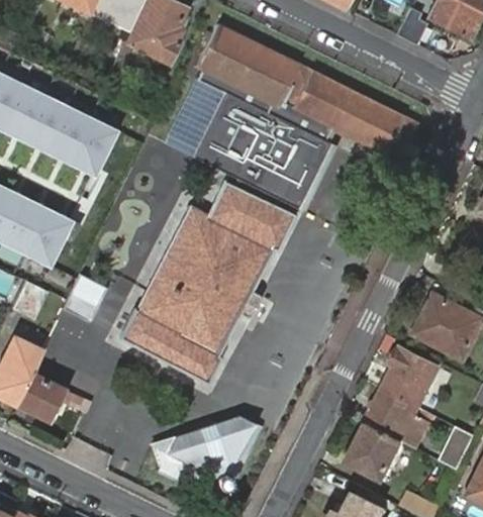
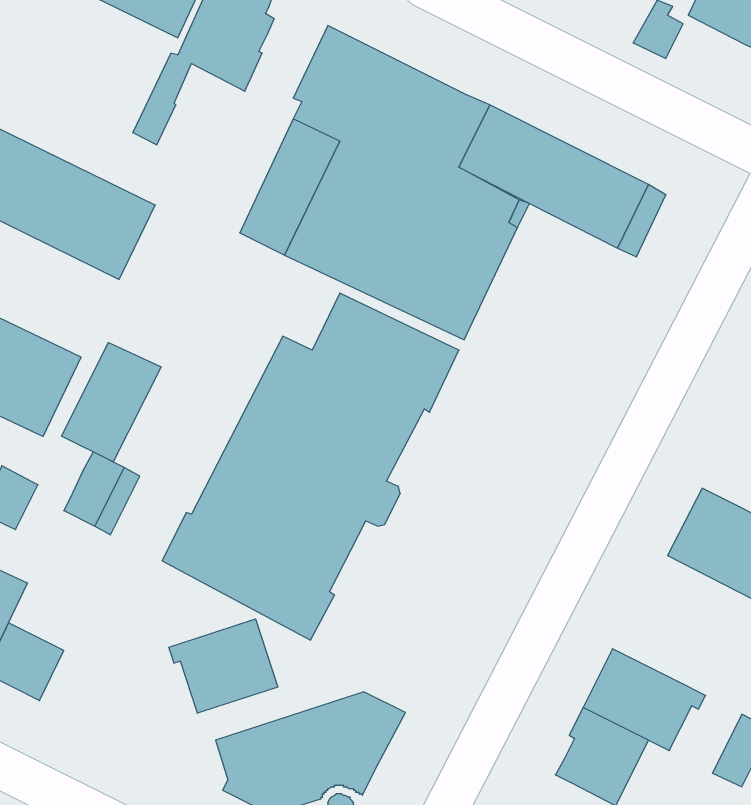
building: none -> [62,343,161,462]
building: [383,347,437,408] -> none
building: none -> [169,619,278,713]

